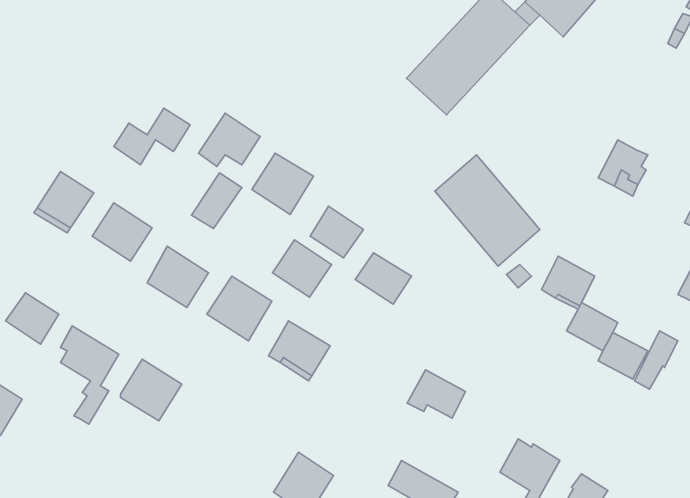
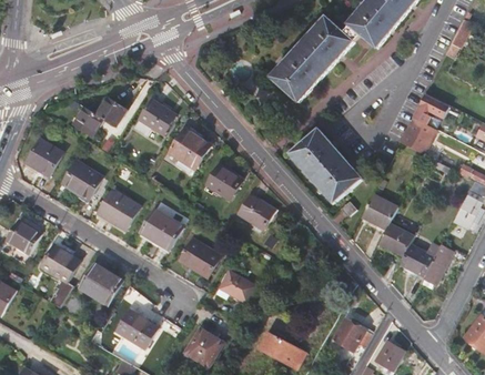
building: none -> [413,92,448,124]
building: [191,173,242,228] -> none
building: [273,240,331,297] -> none
building: [407,370,465,418] -> [216,270,255,302]
building: none -> [117,308,159,347]

